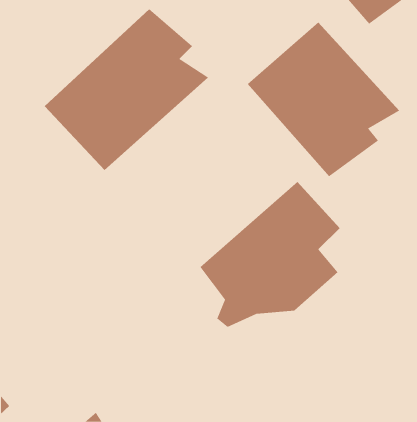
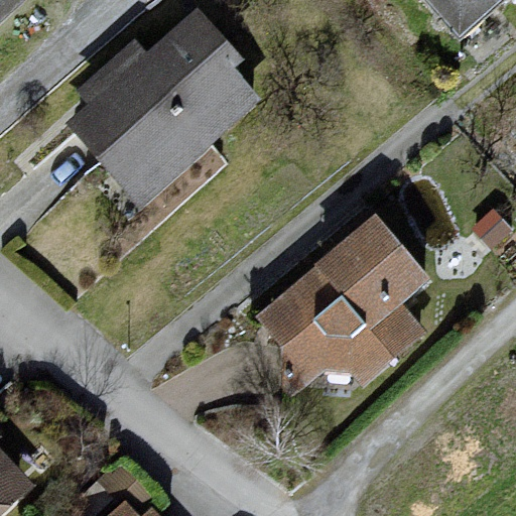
building: [247,22,400,177] -> none

